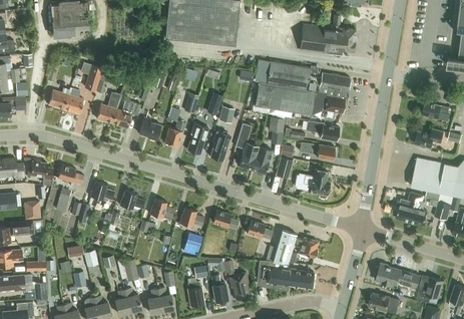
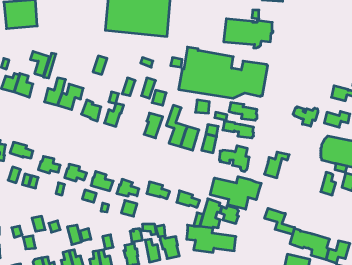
building: [187,124,208,154] -> none
building: none -> [293,107,318,126]
building: [396,193,424,222] -> [264,152,289,178]
building: none -> [210,177,261,209]
building: none -> [265,208,295,235]

